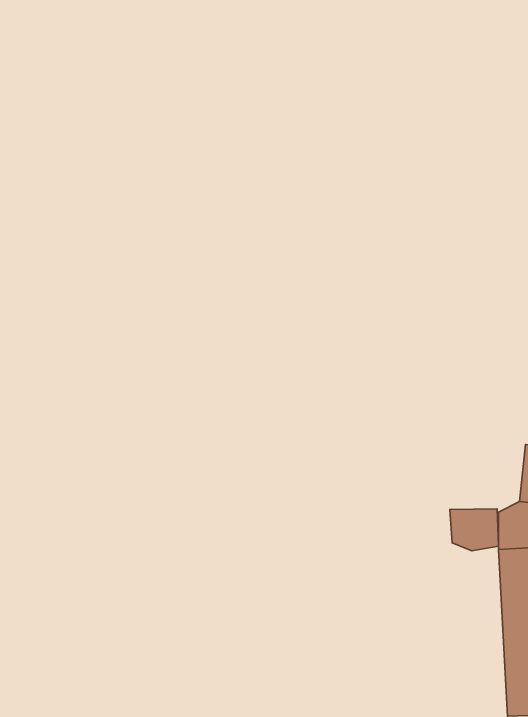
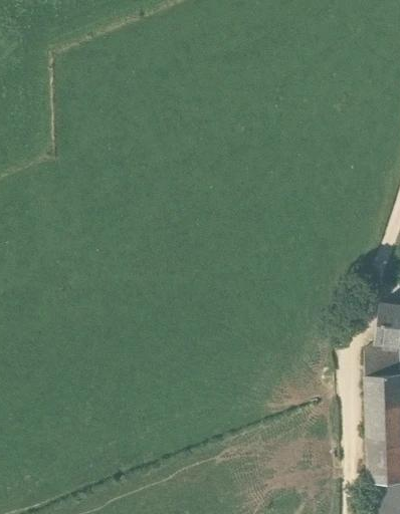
building: [450,509,498,551] -> none

